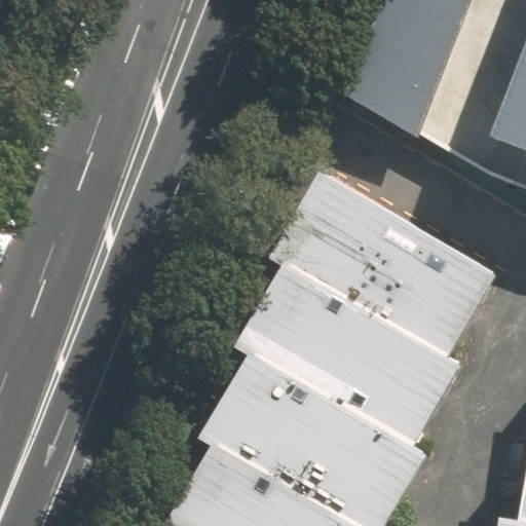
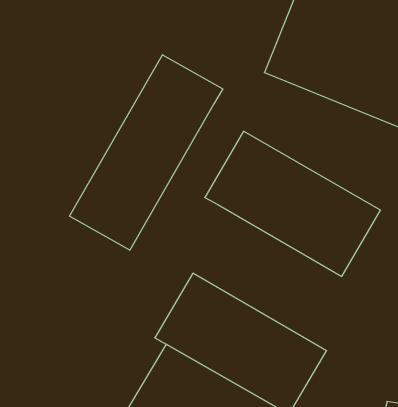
building: none -> [70,55,223,250]
building: [240,266,458,445] -> none

